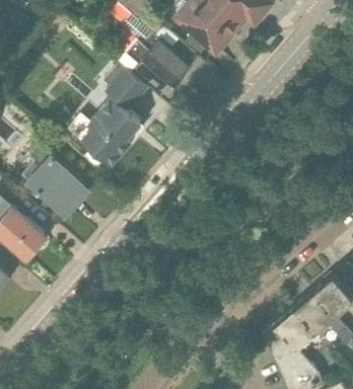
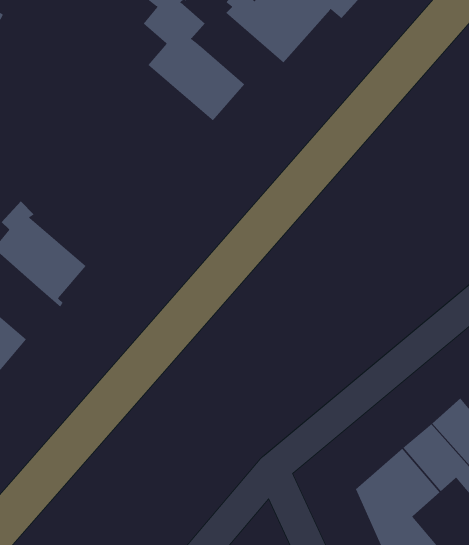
building: [76,63,148,164] -> none

